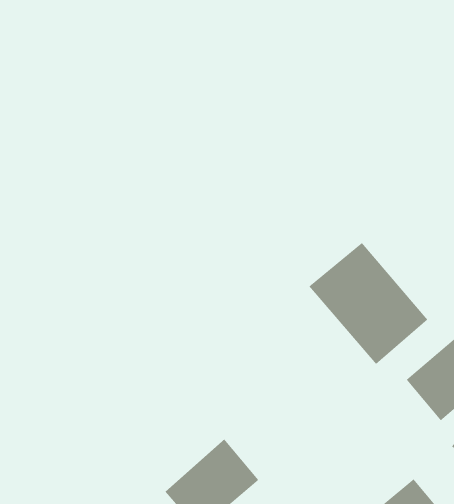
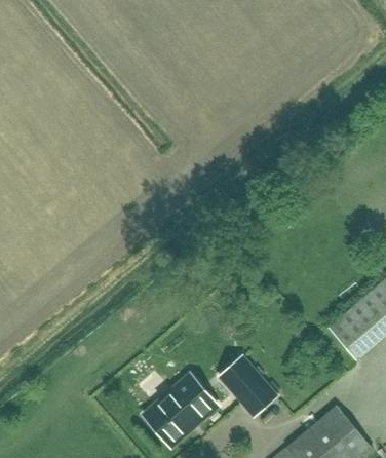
building: [309,242,428,365] -> none
building: none -> [220,356,276,415]

